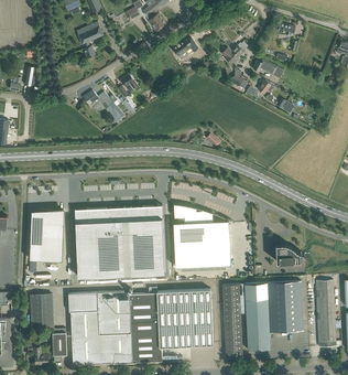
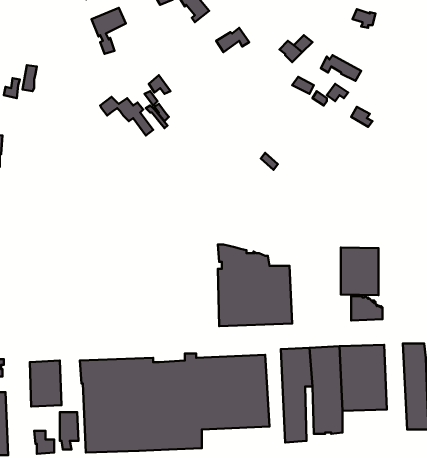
building: [75,205,165,277] -> none
building: none -> [341,248,378,295]
building: [30,210,64,265] -> none

